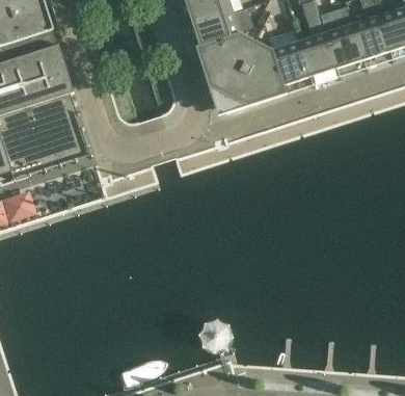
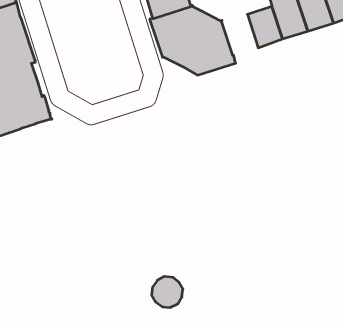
building: [272,42,310,85] -> none

